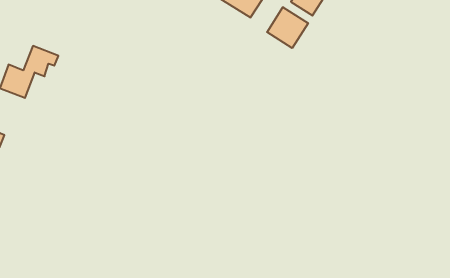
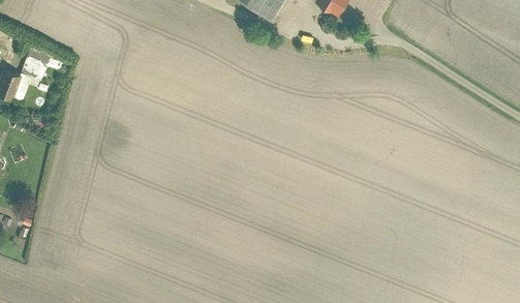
building: [267,7,308,48] -> none

